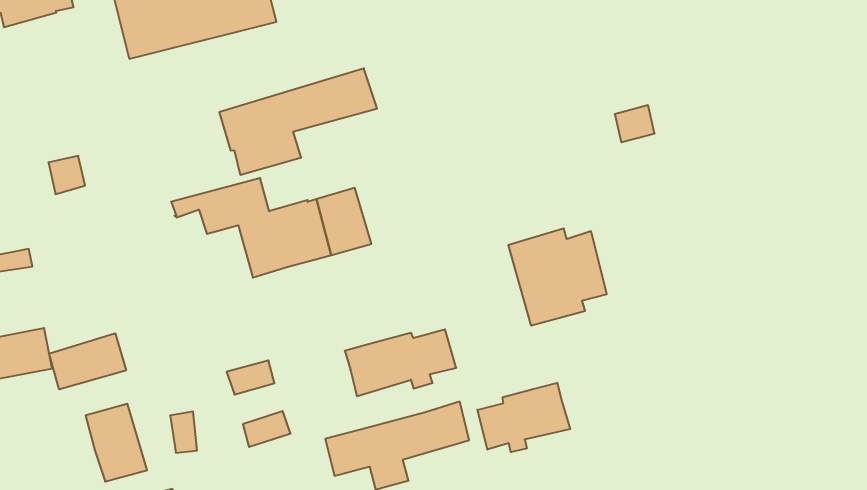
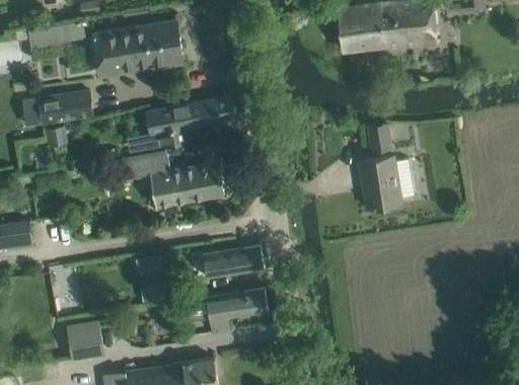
building: none -> [38,92,92,125]
building: [508,229,607,325] -> [360,157,413,210]
building: [49,333,126,389] -> none
building: [477,383,570,452] -> none

